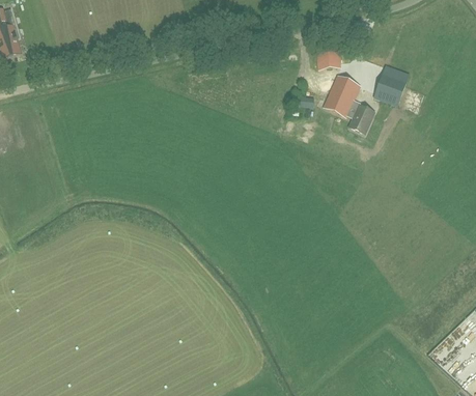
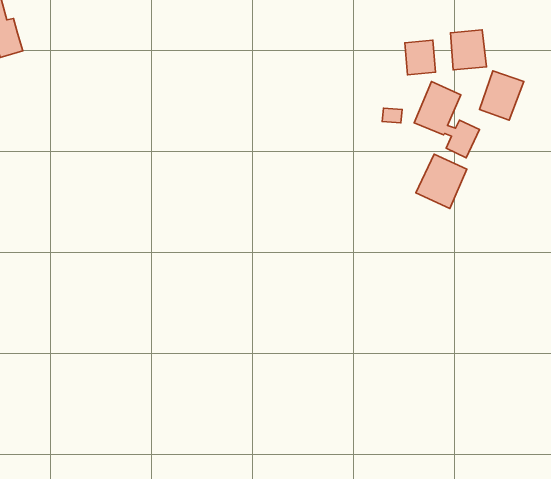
building: none -> [450,30,486,70]
building: none -> [416,154,467,209]

